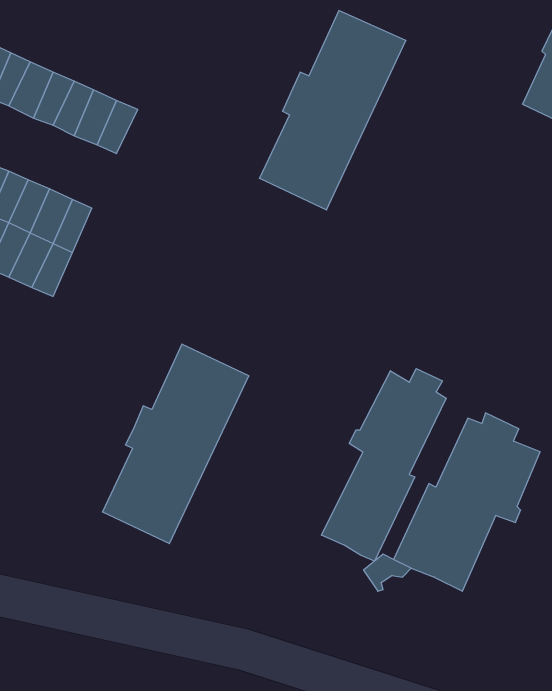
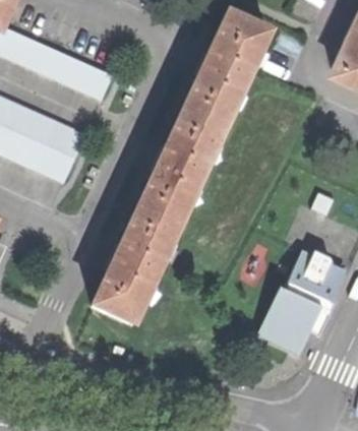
building: none -> [139,112,223,226]
building: [322,369,446,561] -> none

